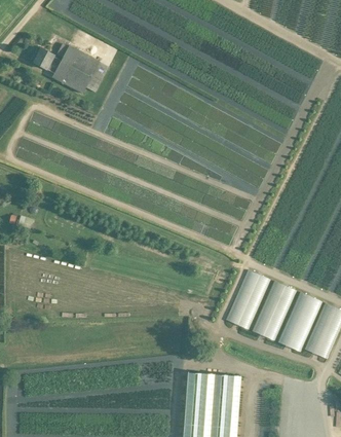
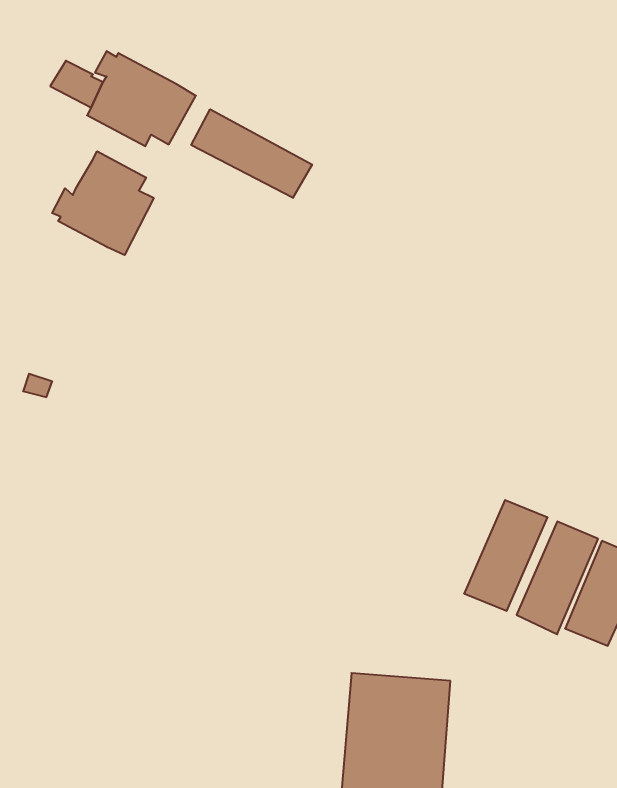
building: none -> [191,109,312,198]
building: none -> [52,151,154,255]
building: [225,269,269,328] -> none

